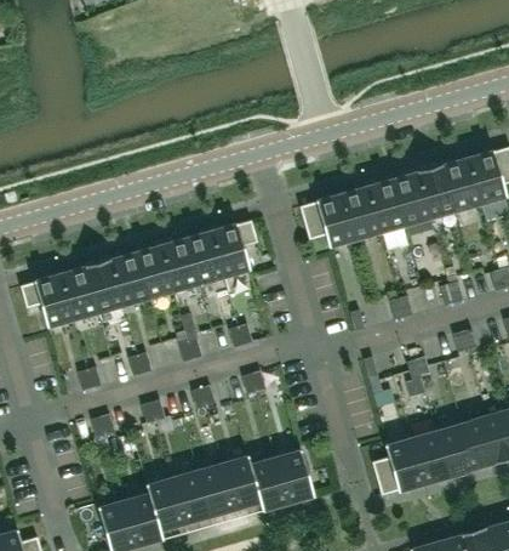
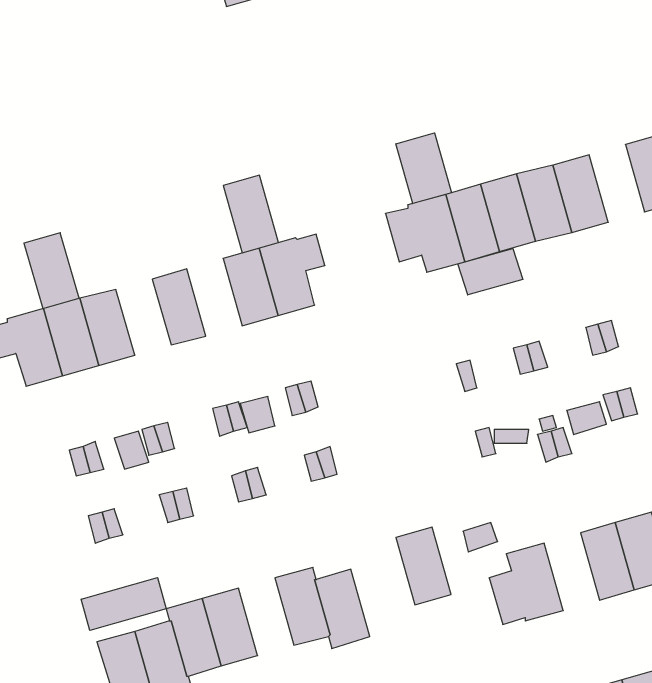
building: none -> [396,133,452,204]
building: [442,158,481,212] -> none
building: none -> [458,248,523,295]
building: [160,238,199,292] -> [223,175,278,253]
building: [110,252,149,306] -> [24,233,79,309]
building: [411,431,450,485] -> none
building: [275,449,314,504] -> [396,527,451,605]
building: none -> [81,578,166,630]
building: [196,462,235,517] -> none

